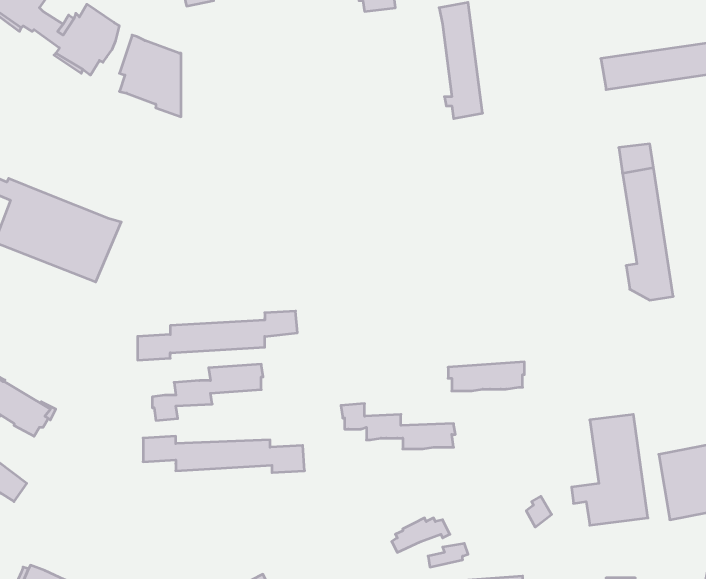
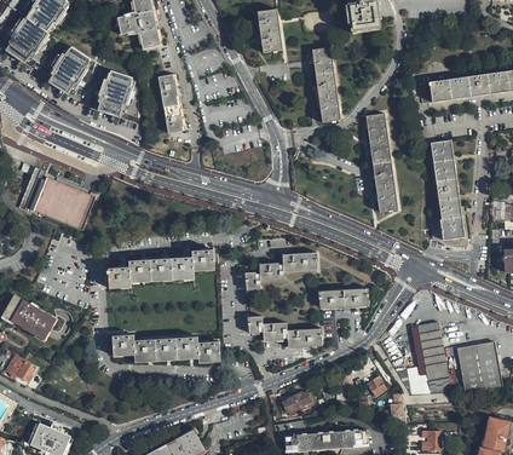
building: none -> [158,73,184,132]
building: none -> [365,114,397,212]
building: [152,364,263,420] -> [243,252,317,289]

